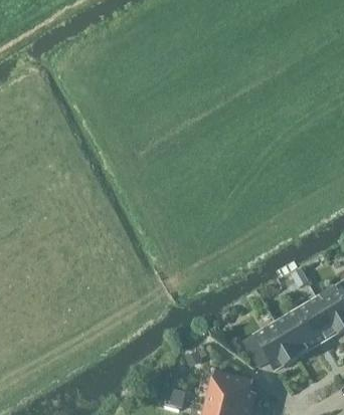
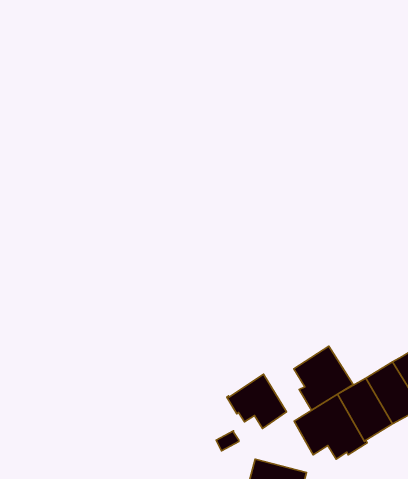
building: none -> [294,346,353,410]
building: none -> [227,374,287,429]

